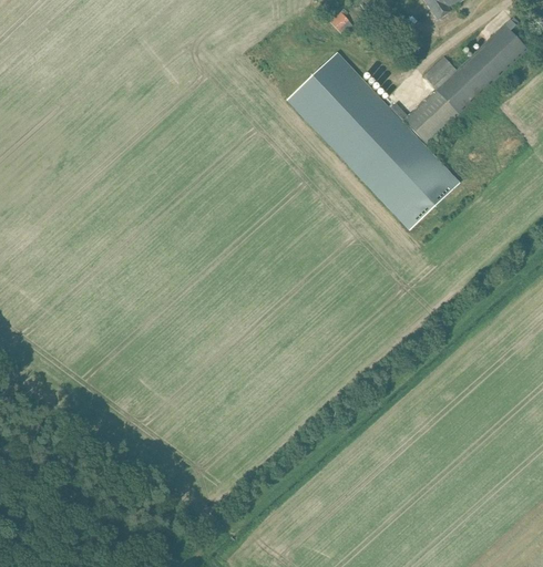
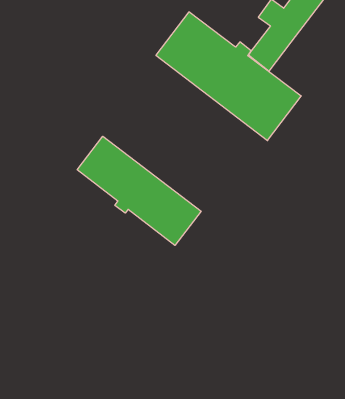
building: none -> [77,136,201,245]

